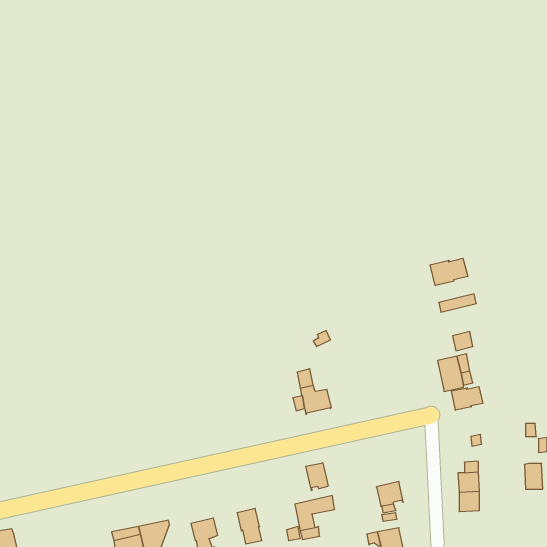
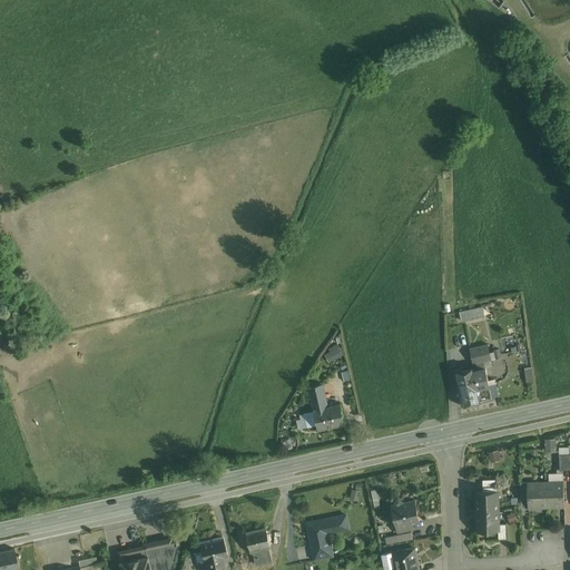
building: [430,258,468,286] -> none
building: [451,387,483,410] -> none
building: [306,463,328,491] -> none
building: none -> [527,483,546,510]

